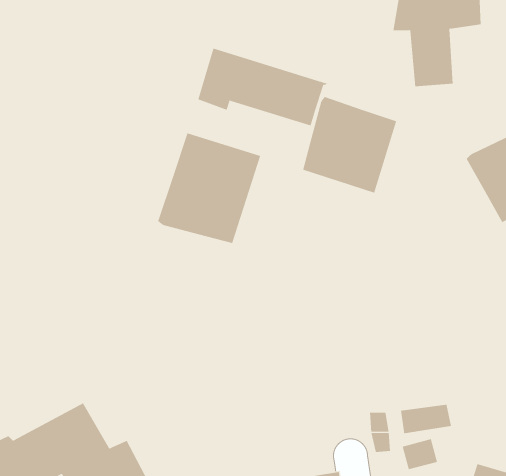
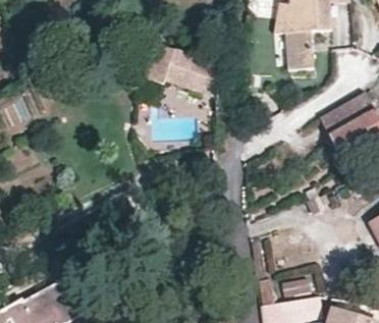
building: [302,96,397,193] -> none
building: [157,132,261,244] -> none

